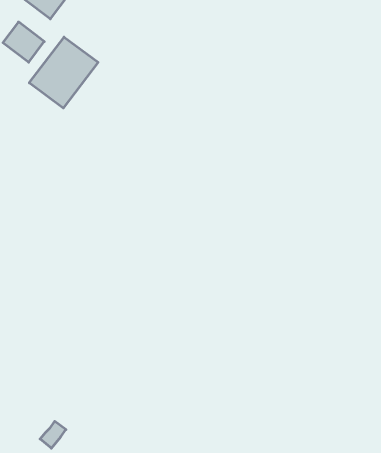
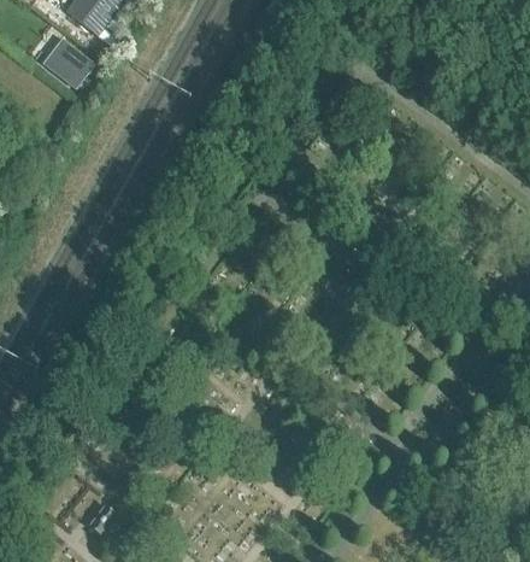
building: [29,37,98,108] -> none

